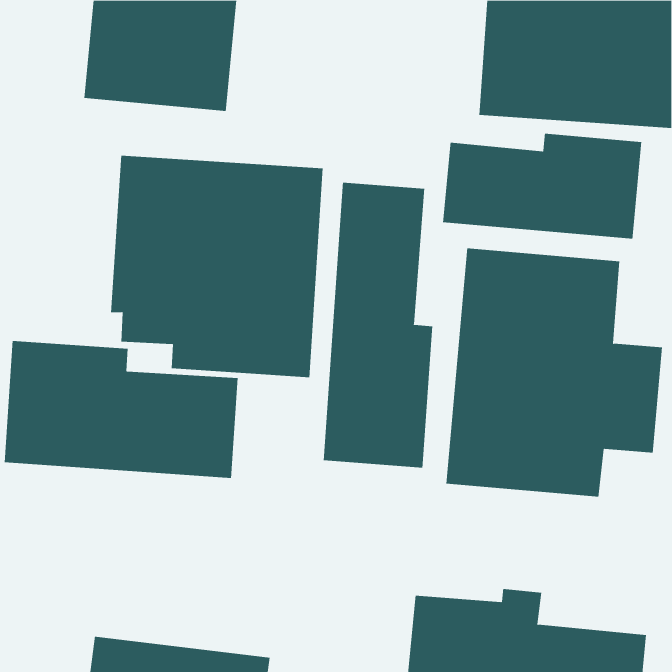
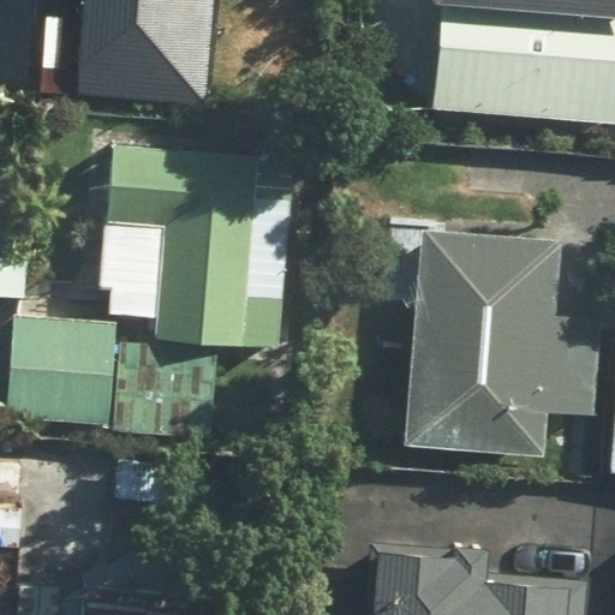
building: [443,133,642,240] -> none
building: [323,182,433,469] -> none

